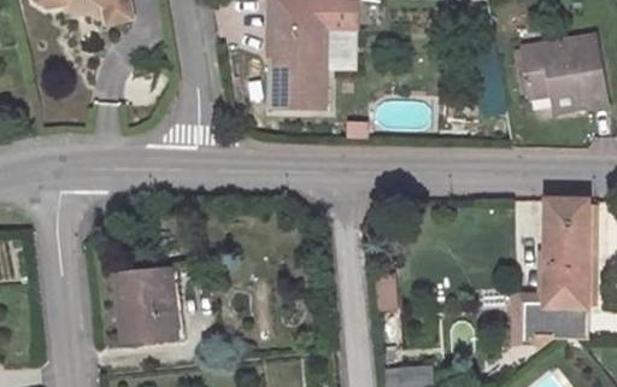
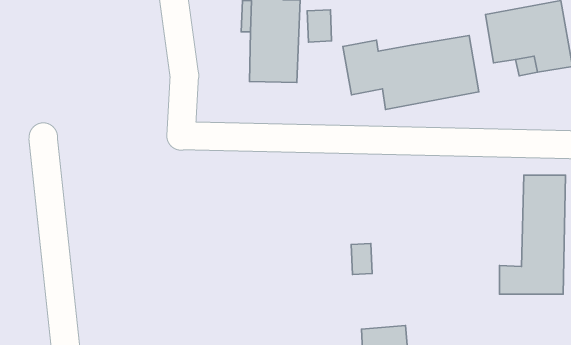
building: none -> [343,35,479,110]
building: [124,272,183,338] -> none

